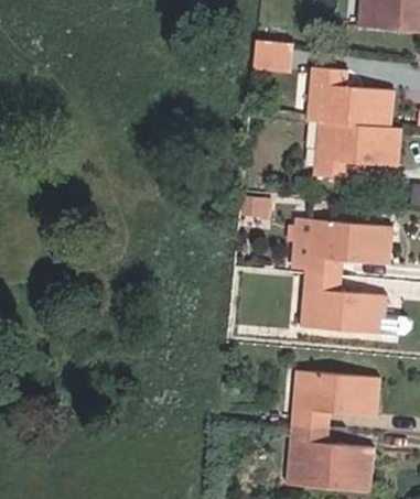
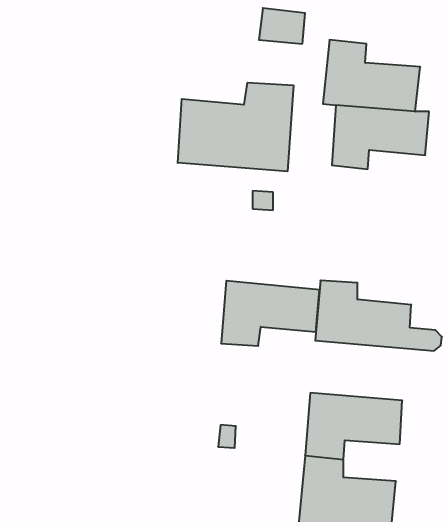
building: none -> [178,83,293,171]
building: [305,220,390,276] -> [221,281,320,346]

